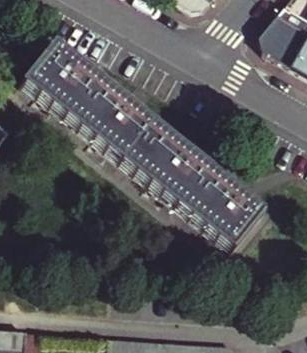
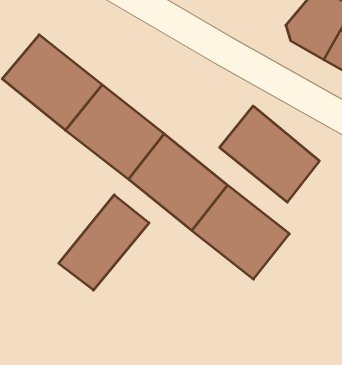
building: none -> [220,106,319,202]
building: none -> [59,195,149,290]

